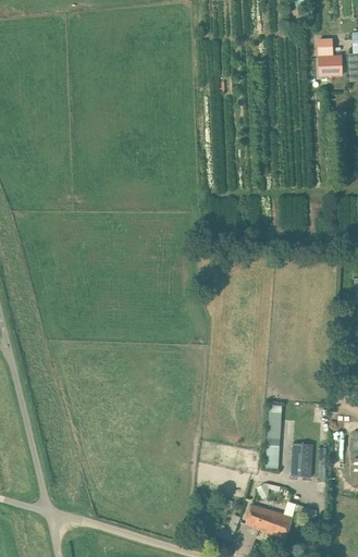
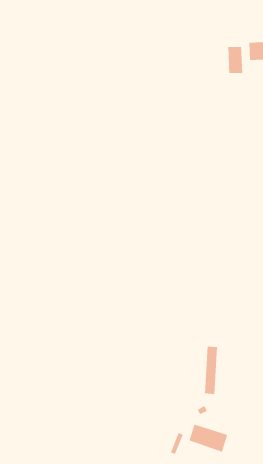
building: none -> [227,46,243,74]
building: [291,443,313,476] -> none

